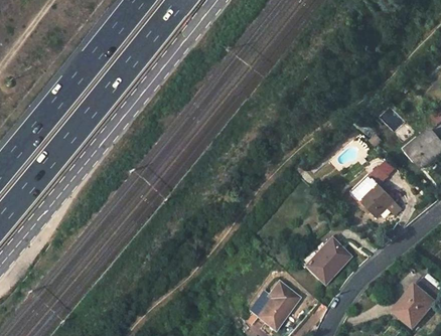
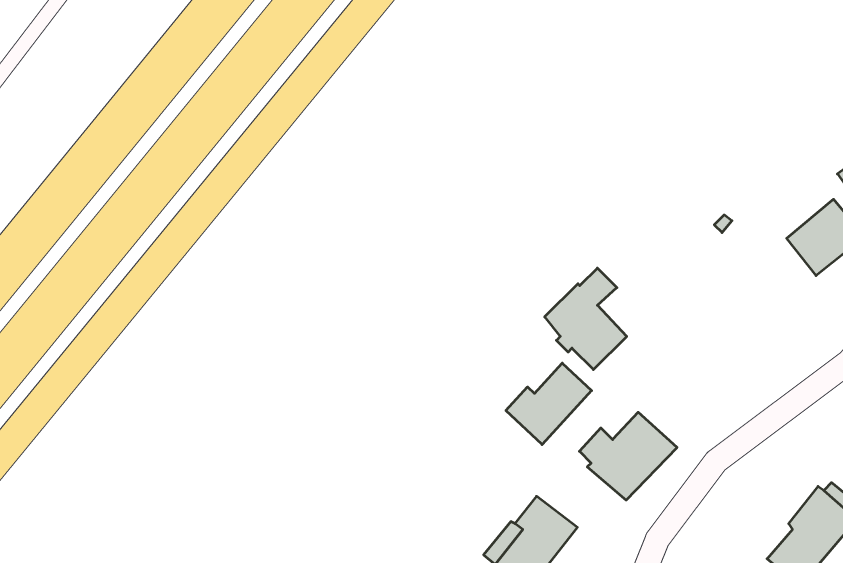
building: [351,166,394,218] -> [545,268,627,370]
building: none -> [506,363,592,445]

